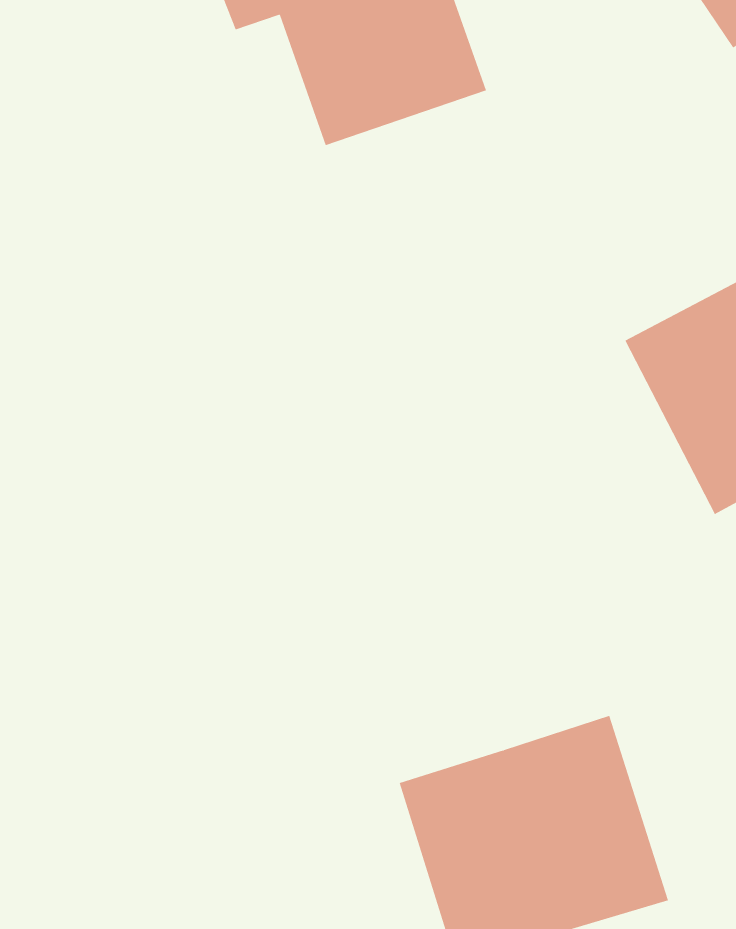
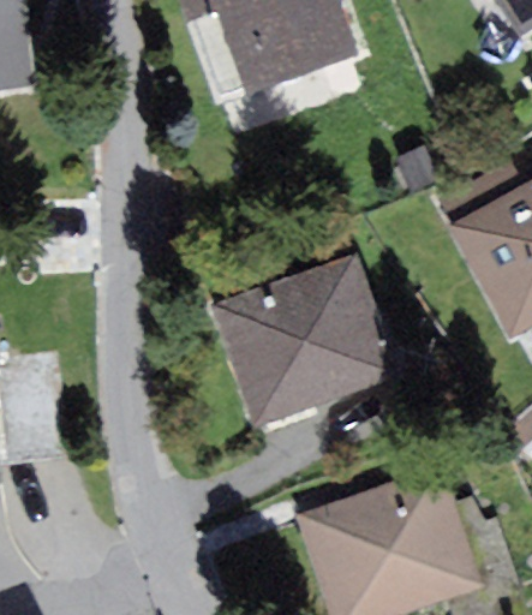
building: none -> [210,253,396,420]

